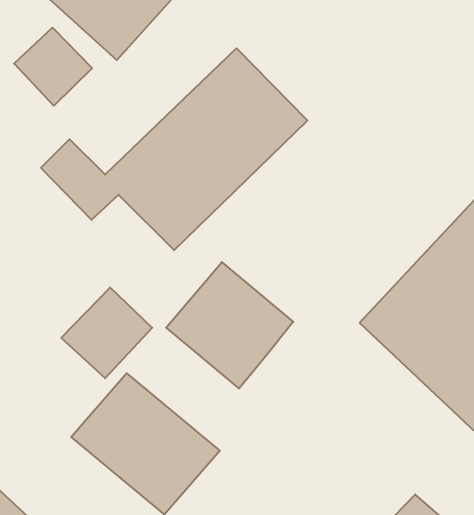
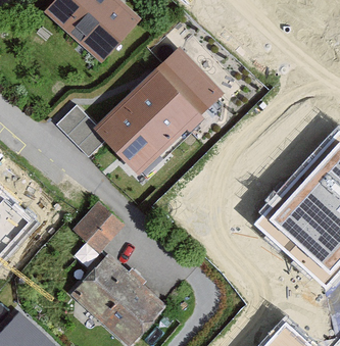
building: [14,28,92,106] -> none
building: [166,262,293,389] -> none

